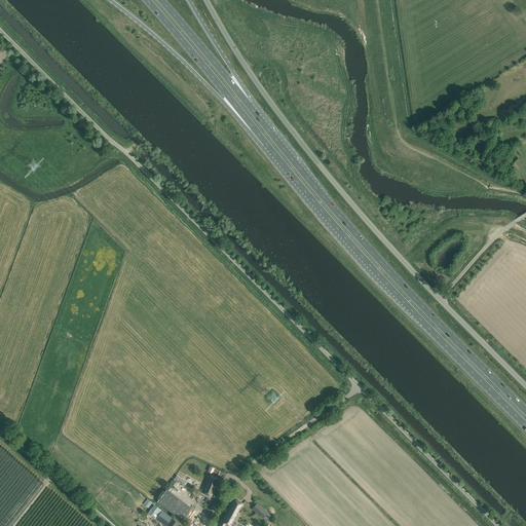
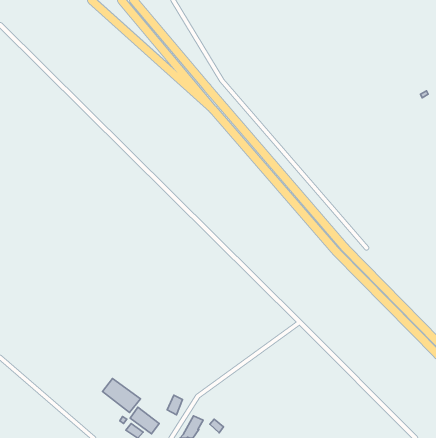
building: none -> [103,378,140,412]

